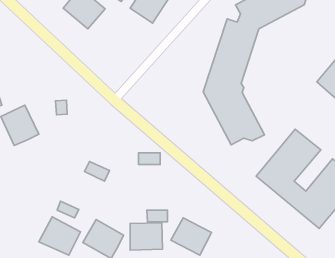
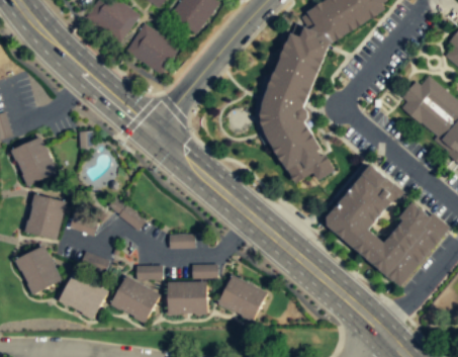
building: none -> [124,25,179,76]
building: none -> [24,194,66,240]
building: [138,153,160,165] -> [166,235,192,249]
building: none -> [16,246,62,294]
building: none -> [132,266,159,280]

